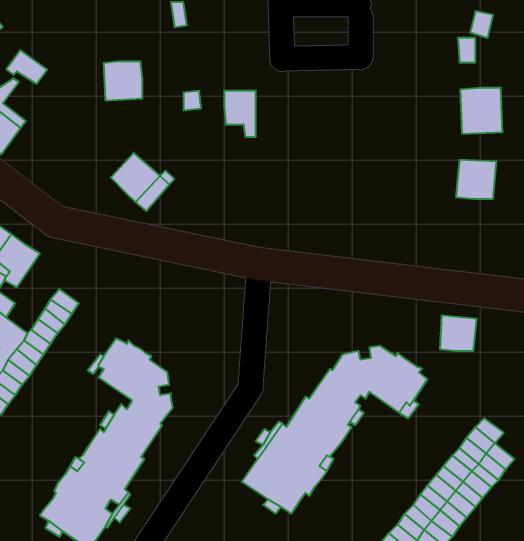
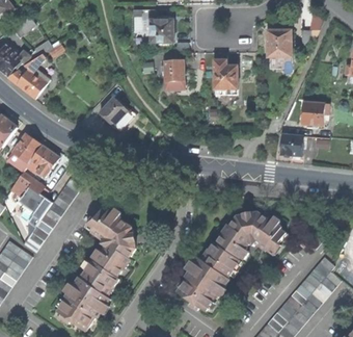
building: [103,61,142,100] -> [151,21,173,44]
building: [460,88,503,134] -> [268,30,293,57]
building: none -> [214,60,238,96]
building: [440,315,477,351] -> [281,135,303,156]

